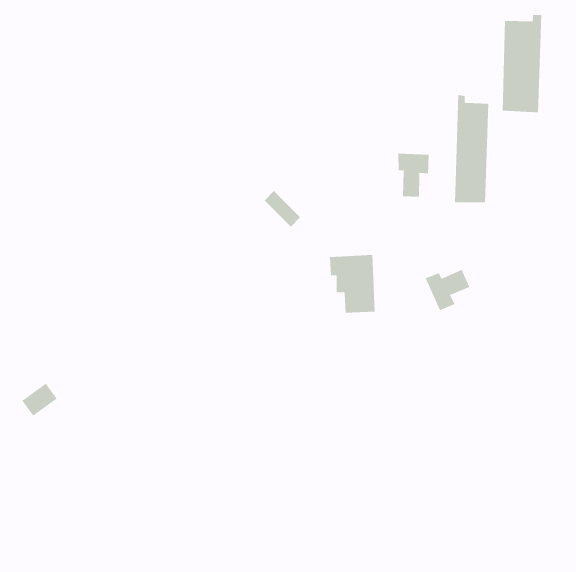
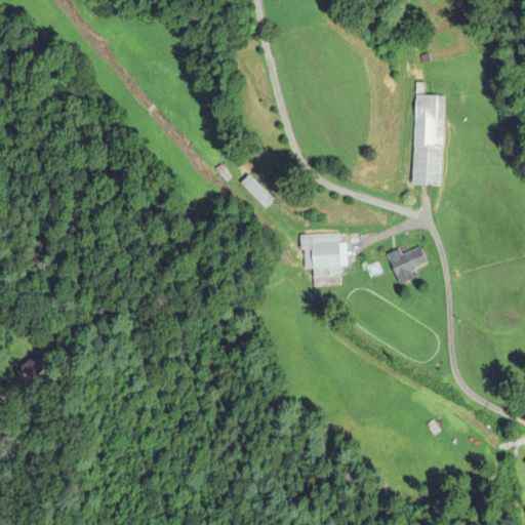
building: [502,14,542,113] -> none
building: [398,153,429,197] -> none

